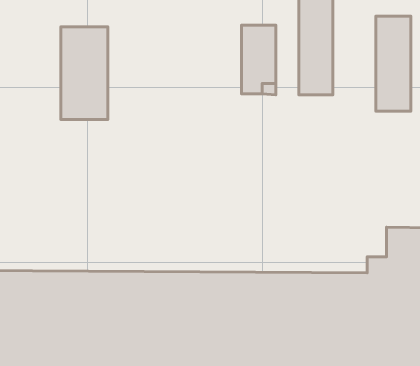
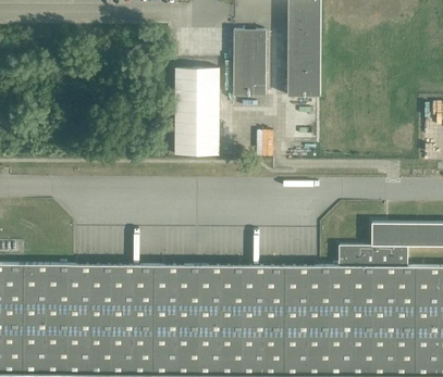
building: [376,16,411,111] -> none
building: [61,27,108,119] -> [175,68,220,156]

